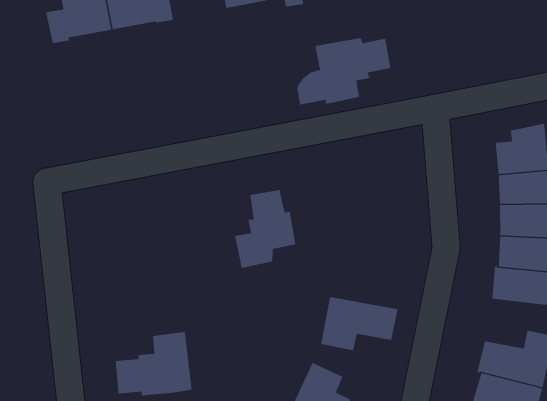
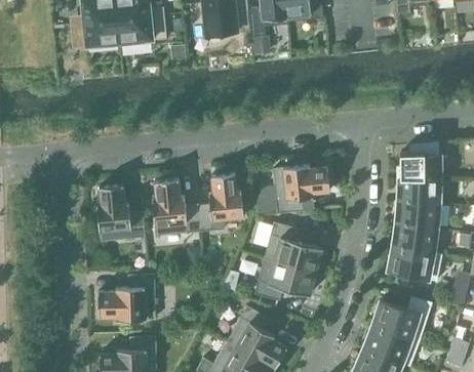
building: [297,37,391,105] -> [256,165,329,213]
building: none -> [152,179,200,235]
building: none -> [96,184,145,241]
building: none -> [265,222,324,272]

